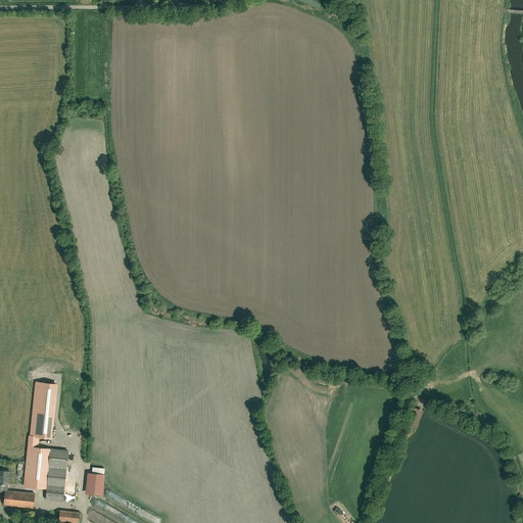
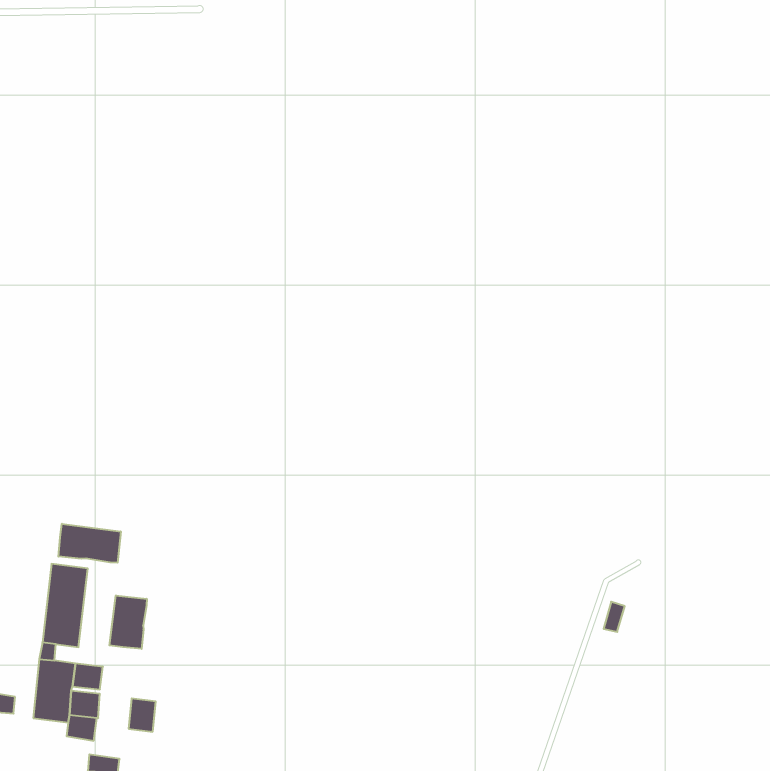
building: none -> [58,524,121,563]
building: none -> [109,595,147,649]
building: [4,491,36,510] -> none

